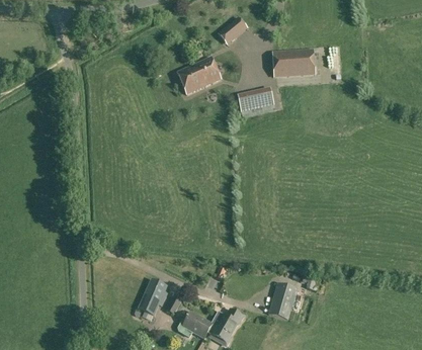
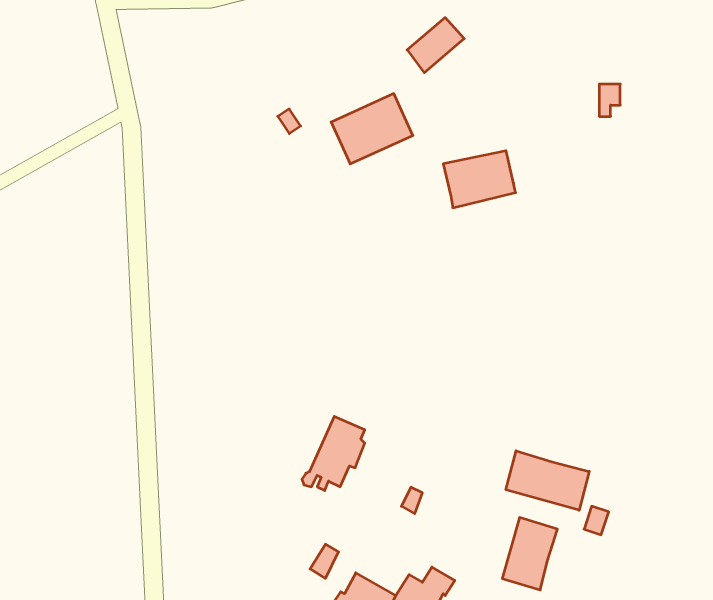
building: [271,49,316,78] -> none
building: none -> [506,451,589,510]
building: [134,279,167,319] -> [302,416,365,491]

